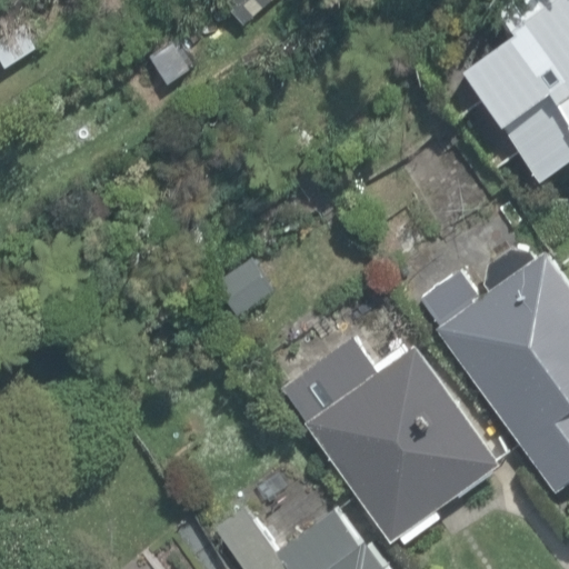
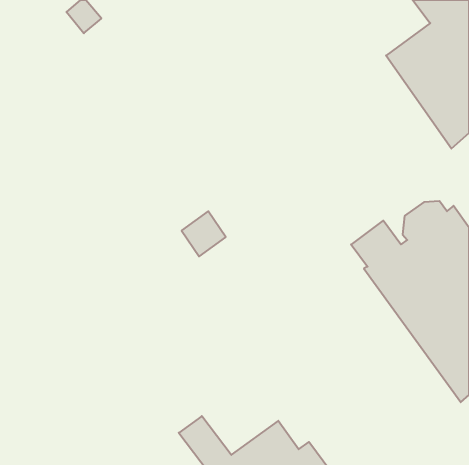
building: [287,341,500,543] -> none

